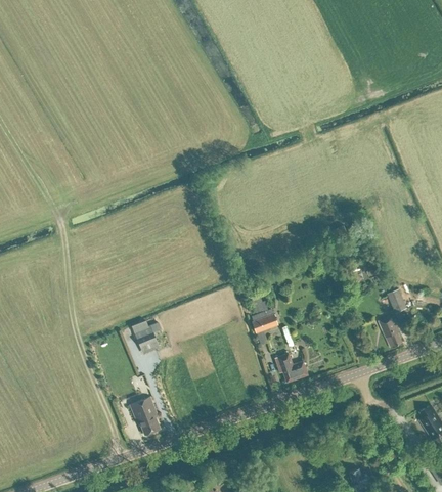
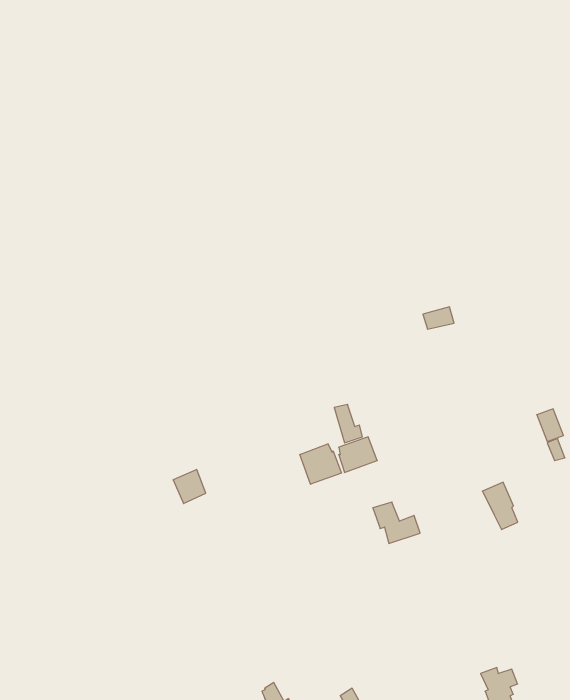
building: none -> [300,444,342,484]
building: [378,315,402,348] -> [482,482,518,530]
building: [130,396,160,435] -> none

